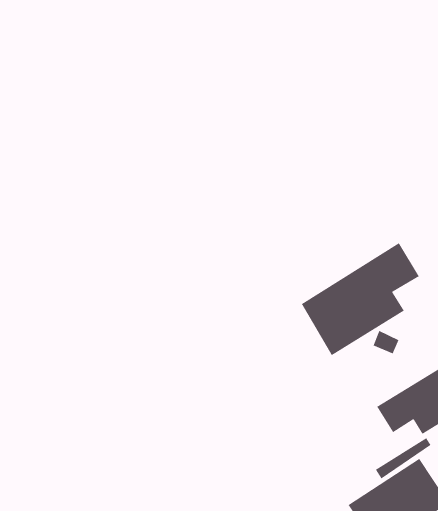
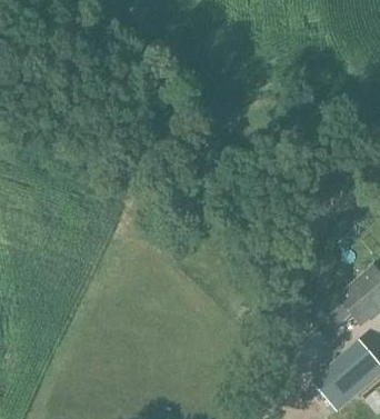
building: [301,242,420,356] -> none

